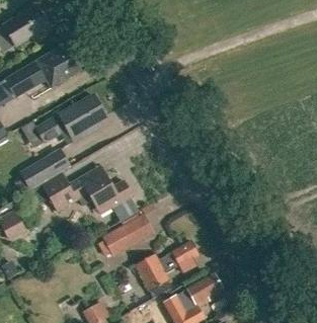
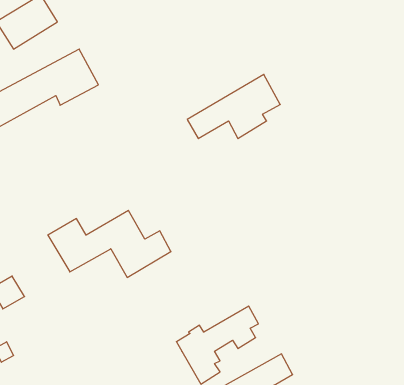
building: [37,94,106,142] -> [187,74,280,139]
building: [16,149,67,189] -> none
building: [99,214,153,257] -> none

